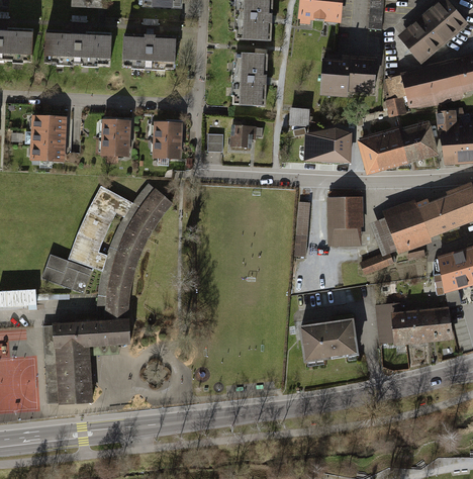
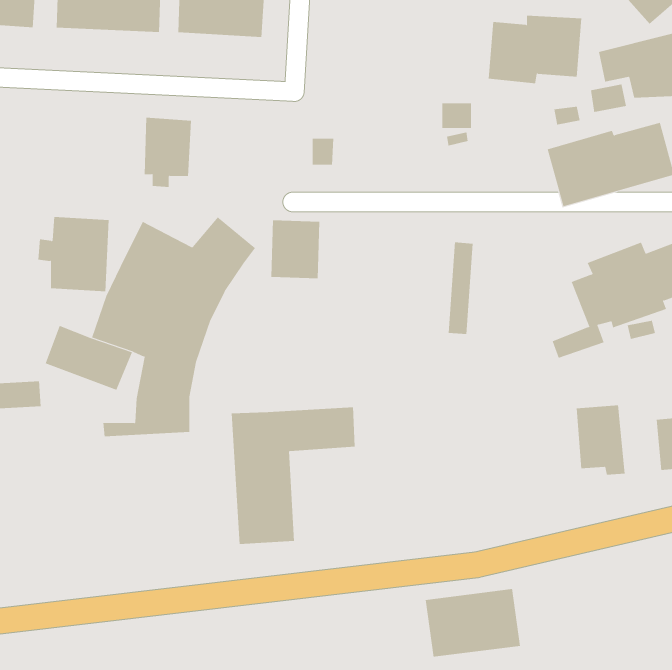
building: [228,56,268,109] -> none
building: [21,114,67,162] -> [37,217,109,292]
building: [150,124,181,162] -> [270,220,320,279]
building: [228,127,255,153] -> none
building: [315,132,350,165] -> none
building: [326,190,361,247] -> none
building: [402,310,428,345] -> none
building: [53,318,131,405] -> [231,407,356,544]
building: [297,319,358,363] -> [425,589,521,657]

